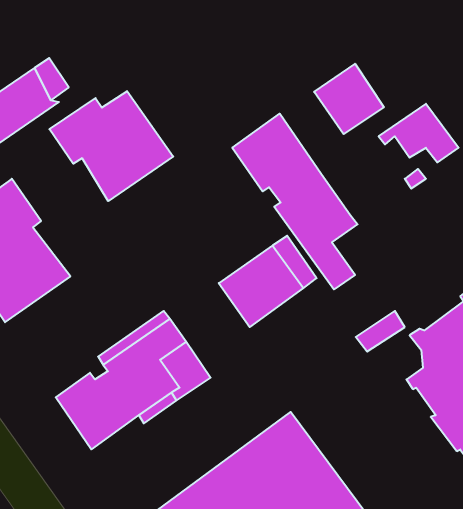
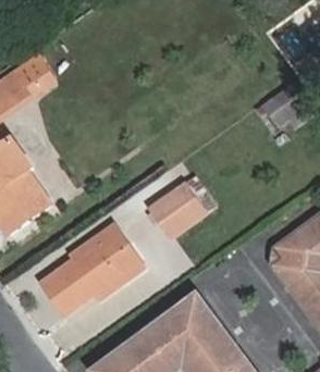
building: [314,64,384,134] -> none
building: [49,91,173,201] -> none
building: [232,114,358,289] -> none

